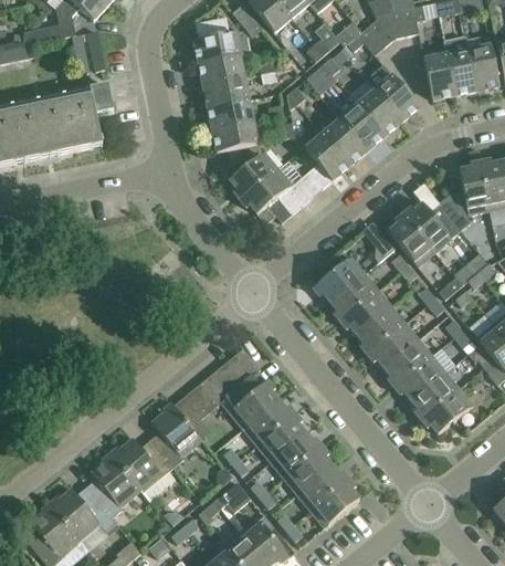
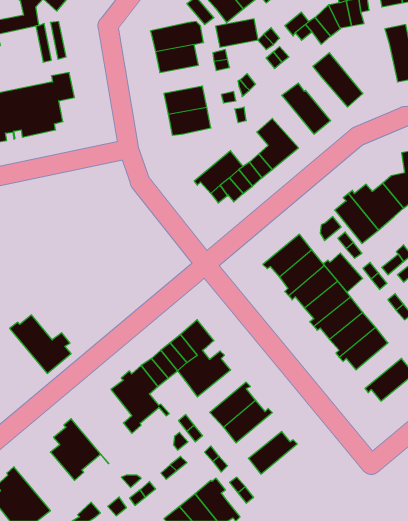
building: [424,53,455,98] -> none
building: [203,76,249,106] -> [216,19,258,47]
building: [358,88,402,135] -> none
building: [323,117,367,164] -> none
building: [227,143,278,199] -> none
building: none -> [323,253,363,292]
building: [411,370,460,419] -> none
building: [243,399,295,444] -> none
building: [109,437,175,499] -> [10,315,71,373]
building: [284,444,333,493] -> none
building: [311,478,359,526] -> none
building: [49,486,119,548] -> none

